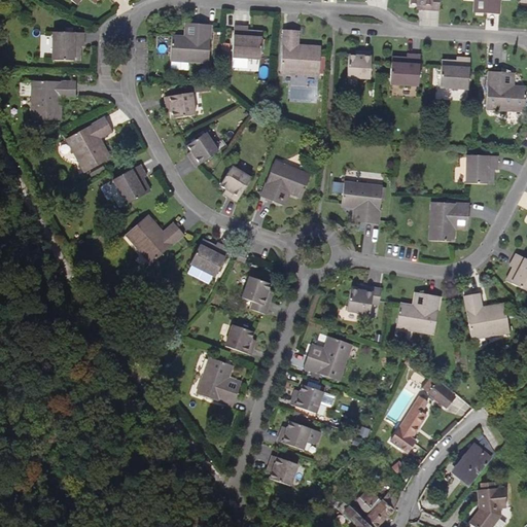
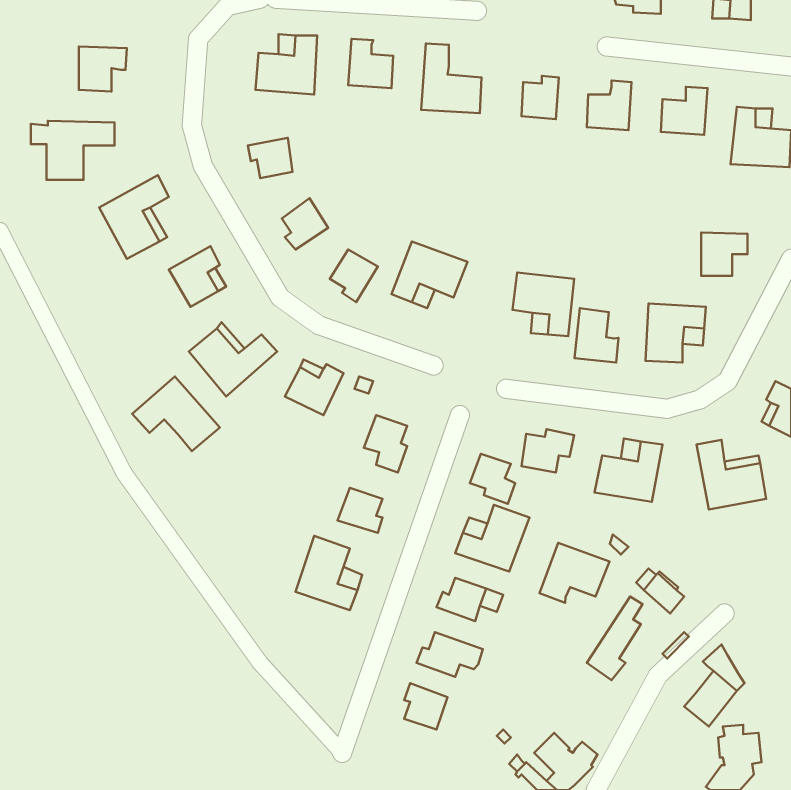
building: none -> [575,308,619,363]
building: none -> [132,376,220,451]
building: none -> [470,454,515,504]
building: none -> [540,543,609,603]

